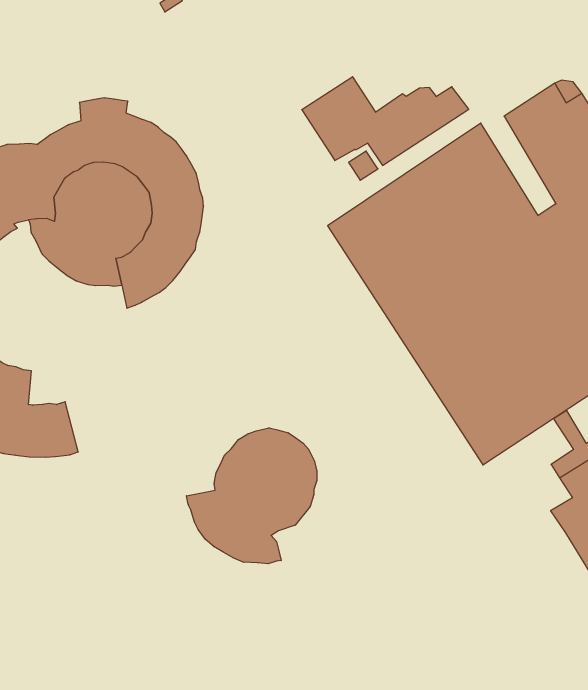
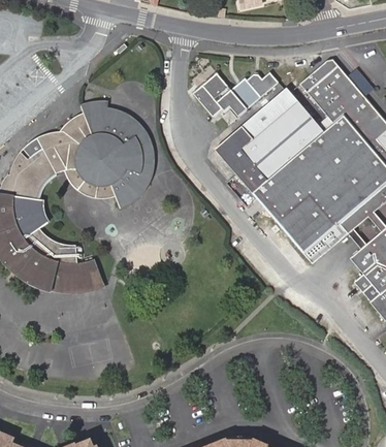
building: [186,428,317,564] -> none

